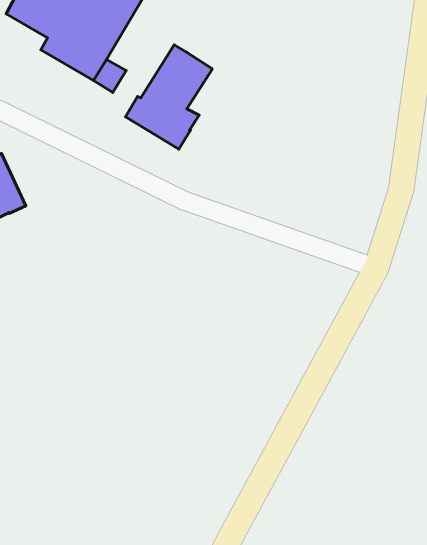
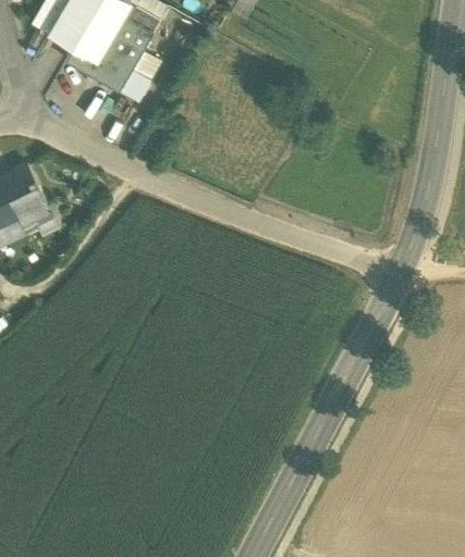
building: [125,45,212,149] -> none

